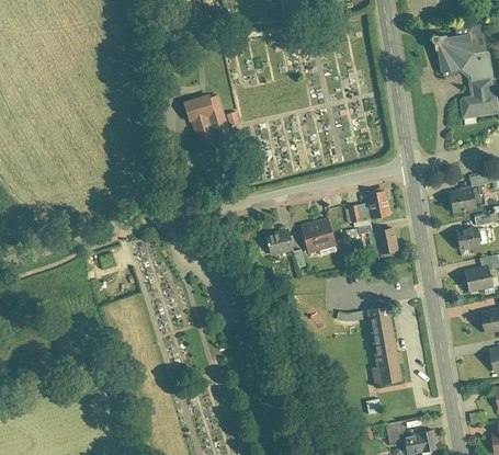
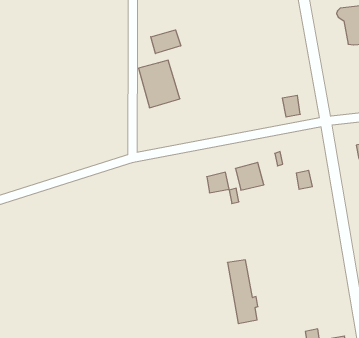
building: none -> [151,30,181,54]
building: [365,190,387,216] -> [282,95,300,117]
building: [365,306,402,384] -> [227,260,258,324]

